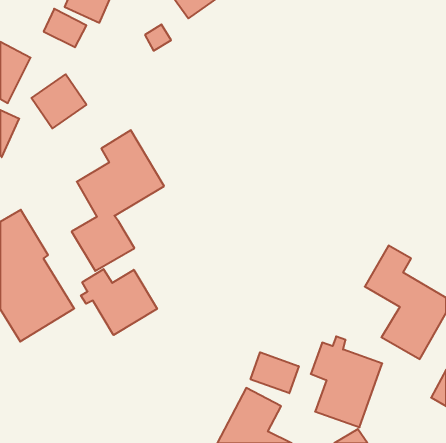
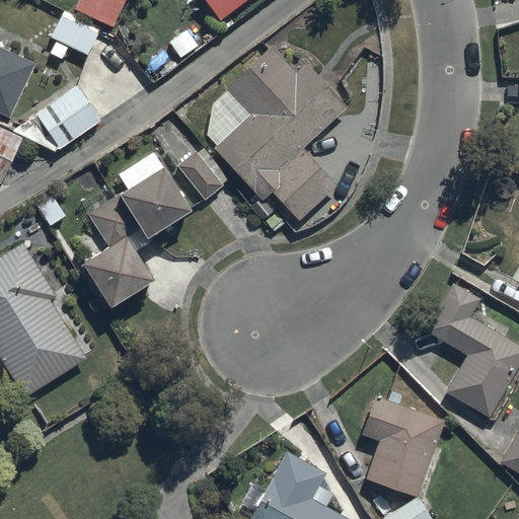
building: none -> [207,48,346,221]
building: none -> [177,146,228,200]
building: [81,269,157,335] -> none
building: [251,352,299,393] -> none

